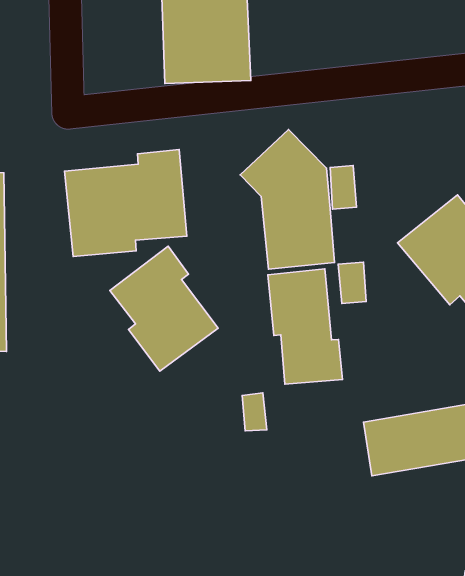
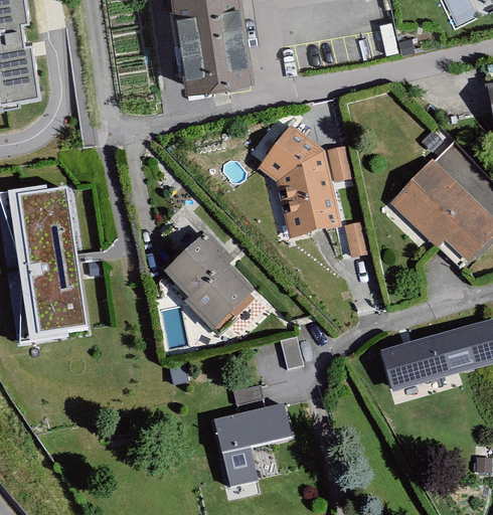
building: [65,150,187,257] -> none
building: [268,269,342,384] -> none
building: none -> [213,403,294,487]

